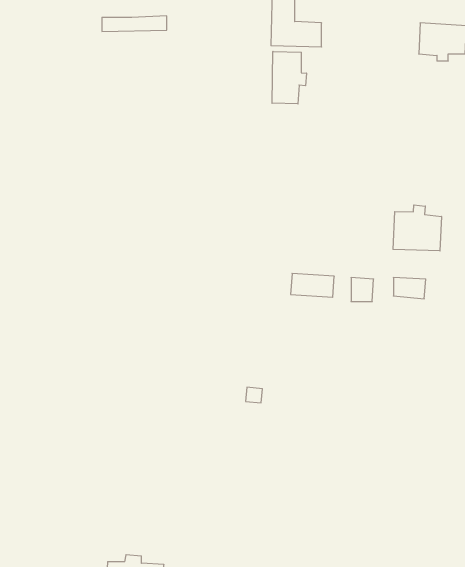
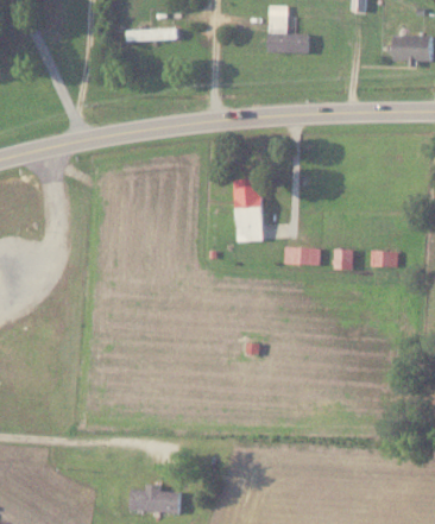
building: [272,51,306,104] -> none
building: none -> [235,179,265,242]
building: [393,205,441,251] -> none

